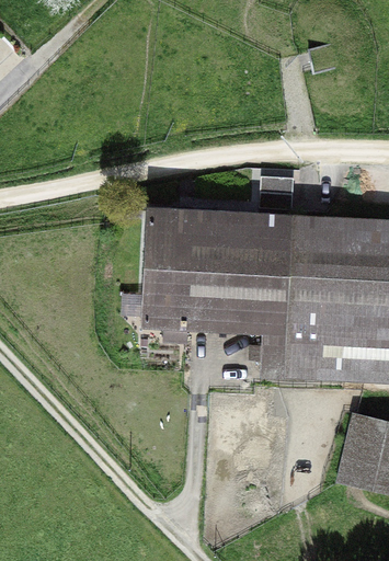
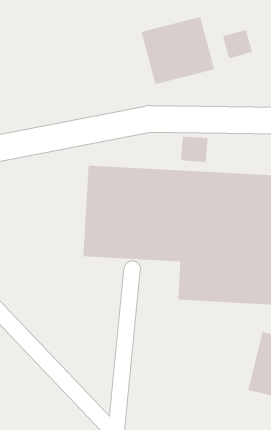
building: none -> [141,16,215,85]

